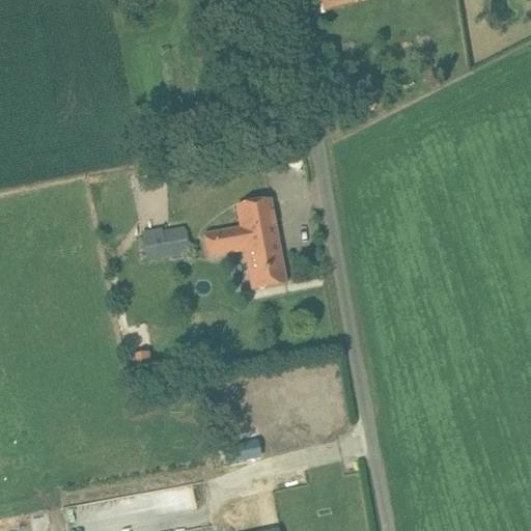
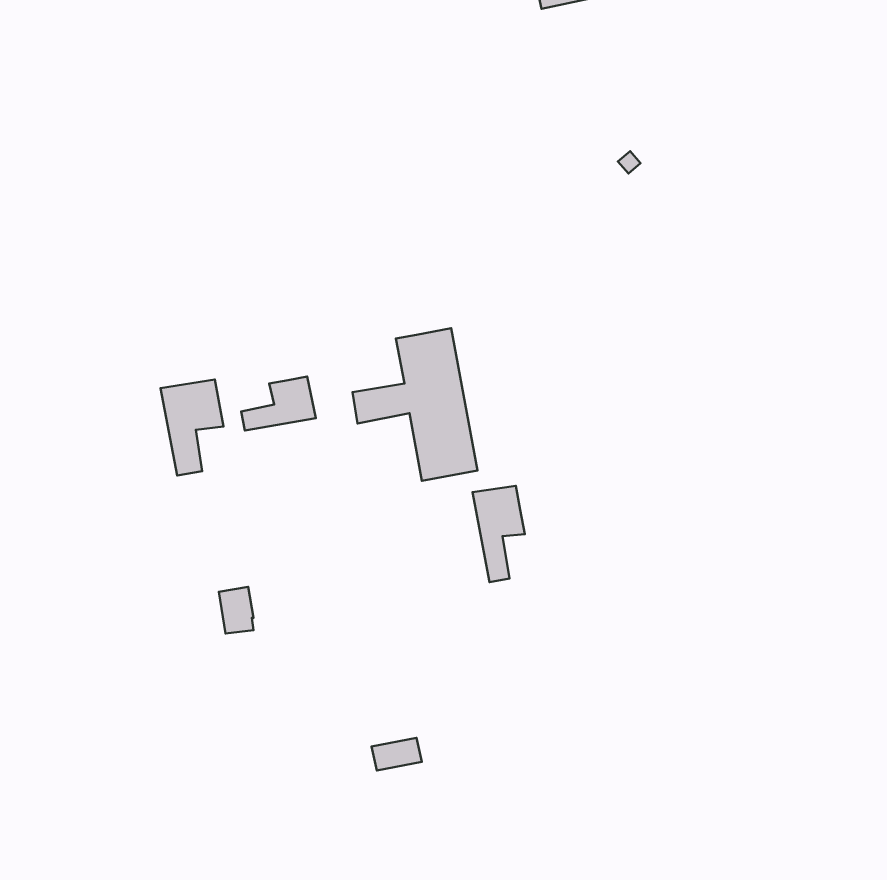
building: none -> [160,380,223,476]
building: none -> [472,486,525,582]

